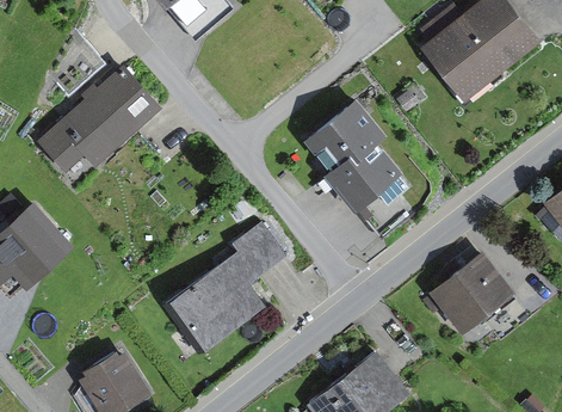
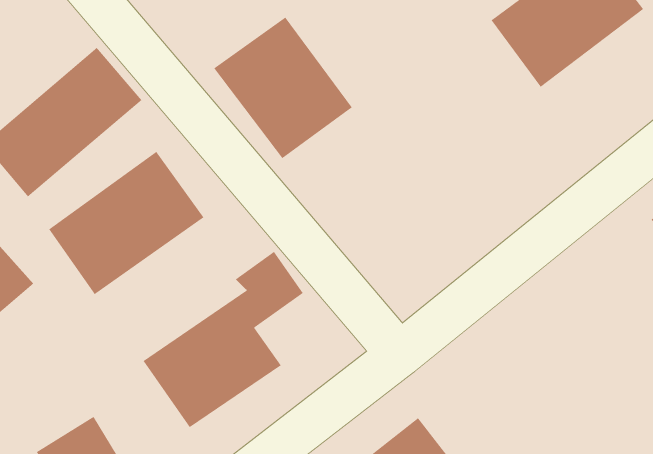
building: [304,102,410,210] -> [213,17,353,159]
building: none -> [48,151,205,295]
building: [419,254,511,326] -> none

